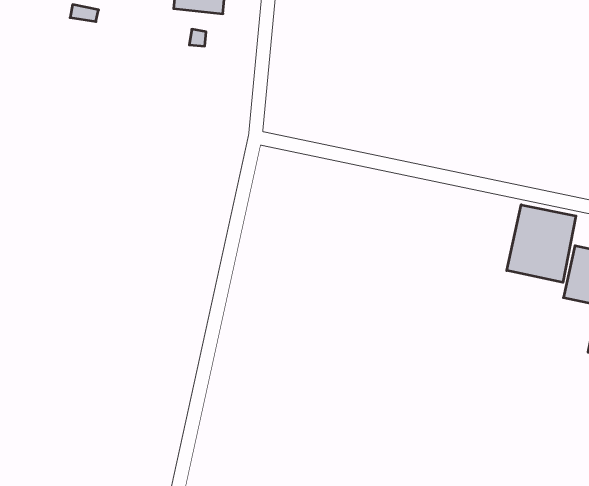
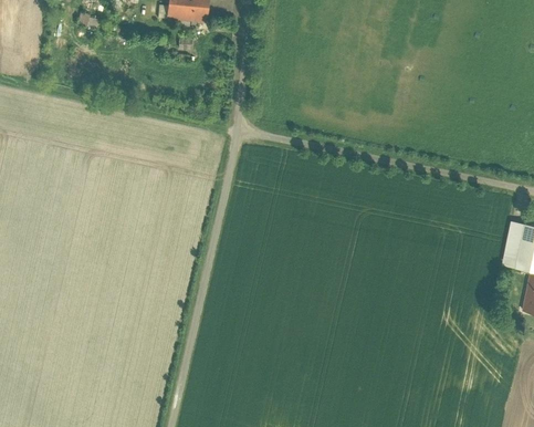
building: [507,205,576,282] -> none

